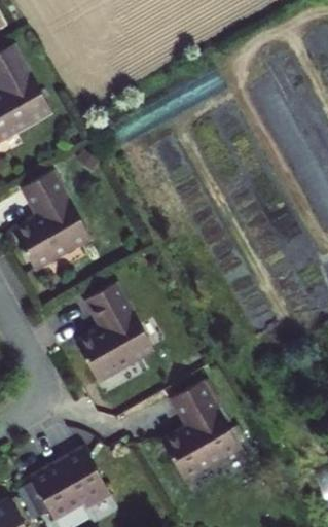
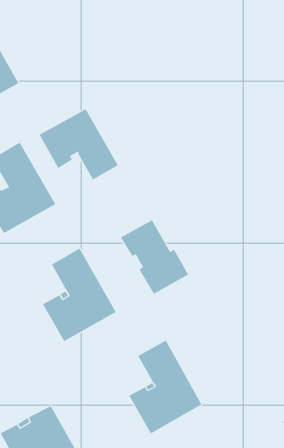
building: none -> [39,109,118,180]
building: none -> [120,220,189,295]

